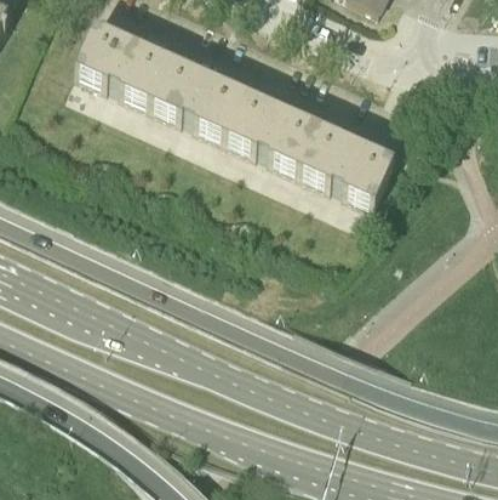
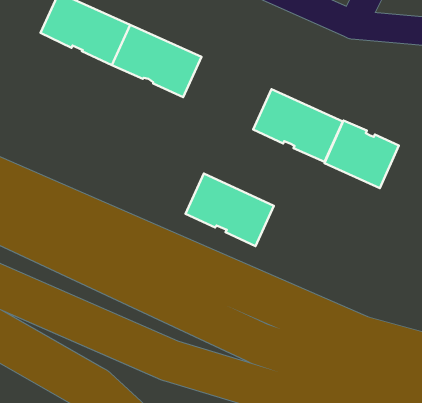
building: [227,96,320,172] -> [185,173,274,246]
building: none -> [324,120,399,188]

